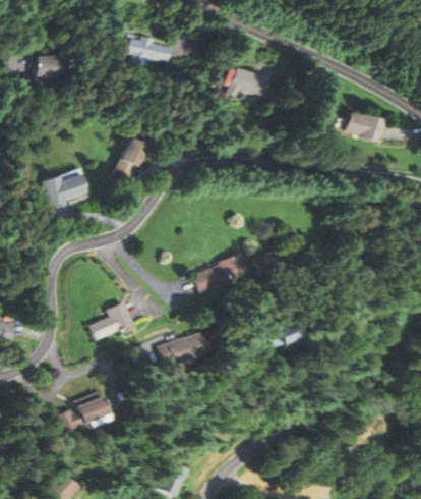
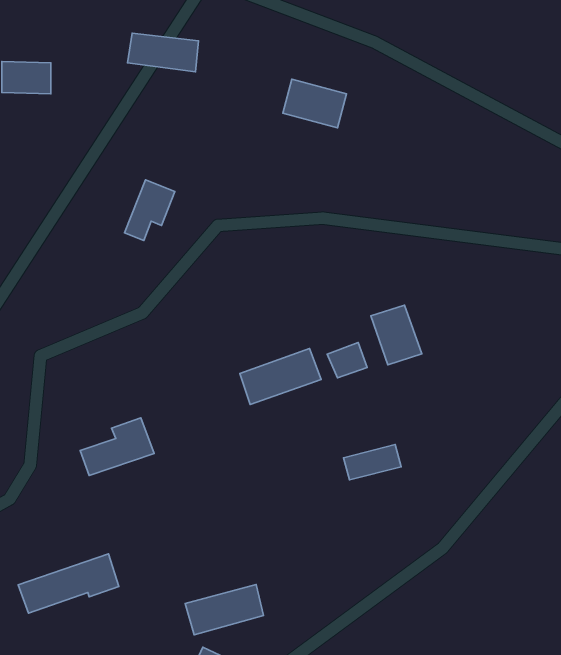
building: [345,112,383,144] -> none
building: [41,168,92,208] -> none
building: none -> [371,305,422,365]
building: [157,332,211,367] -> [185,584,263,635]

